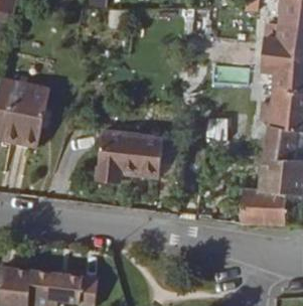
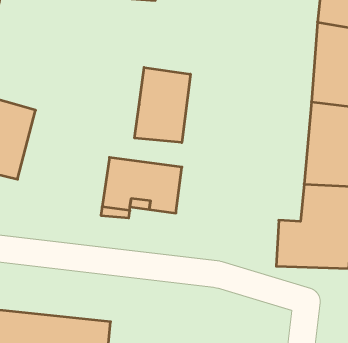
building: none -> [135,67,190,143]

